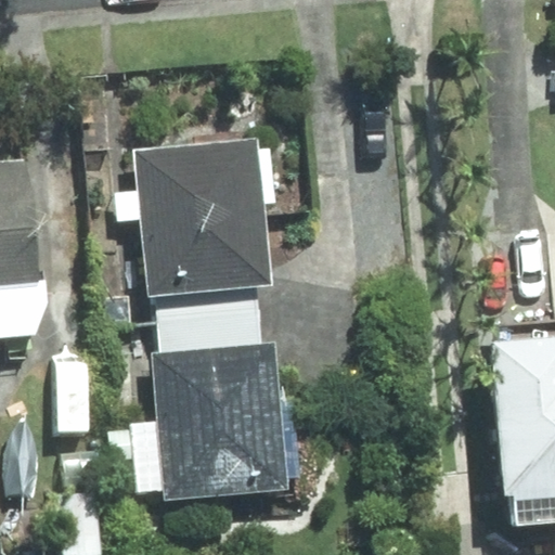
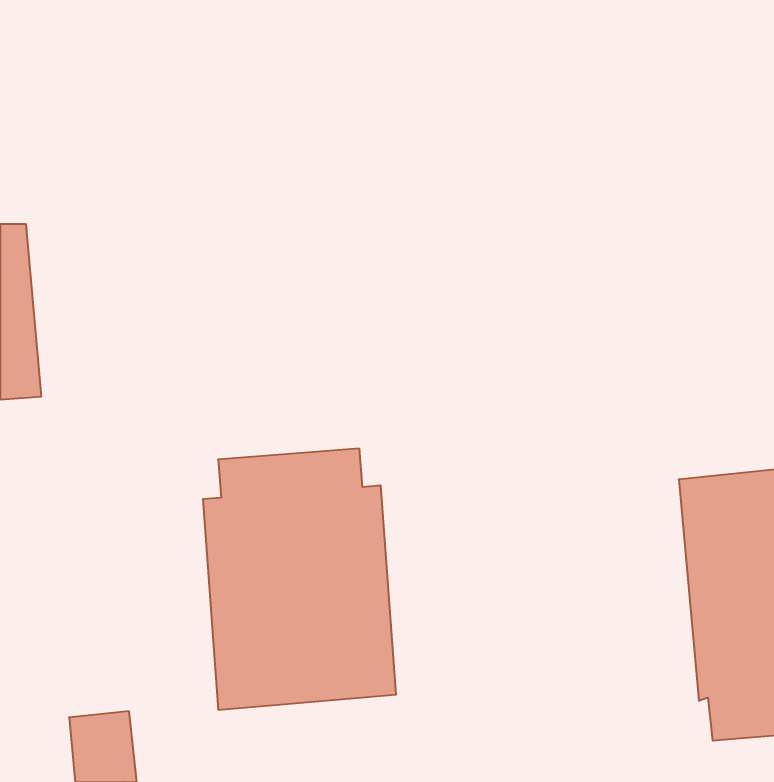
building: [134,140,272,324] -> none

